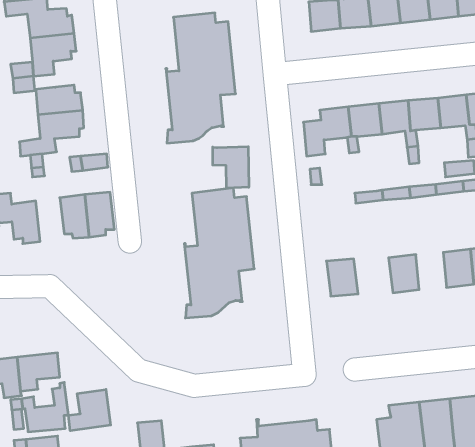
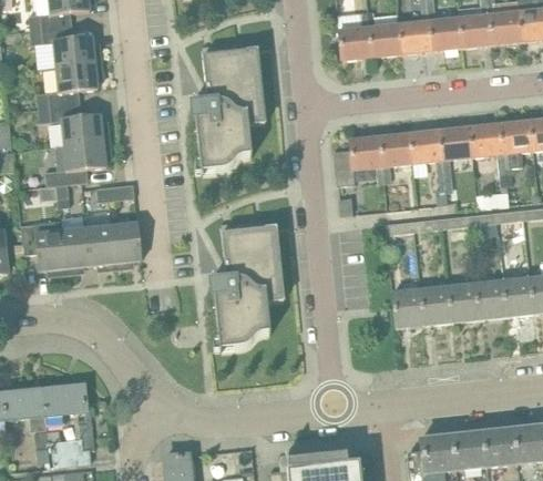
building: [213,147,249,188] -> none
building: none -> [62,227,91,272]
building: none -> [448,283,479,320]
building: [326,259,358,296] -> [392,288,424,326]
building: [69,389,111,431] -> none

